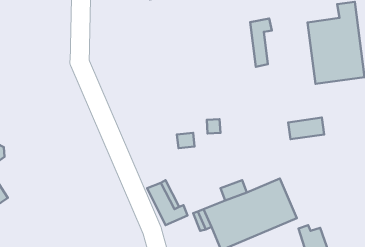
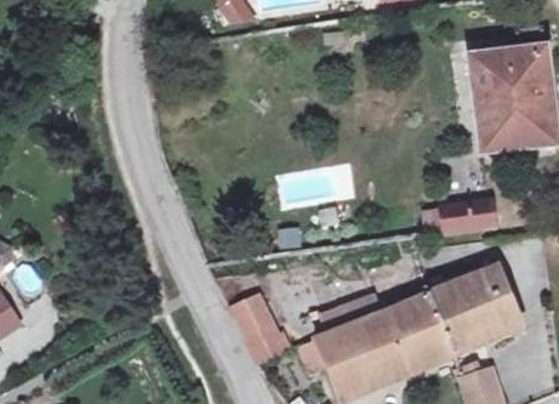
building: [250,18,272,67] -> none
building: none -> [424,266,517,352]

